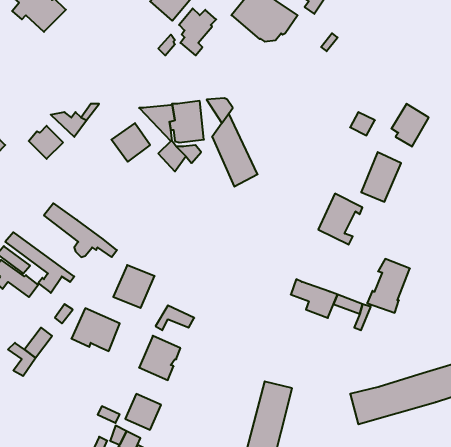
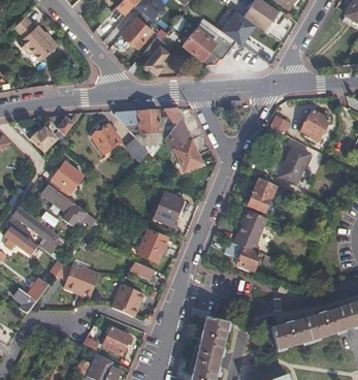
building: none -> [48,163,82,197]
building: none -> [153,192,186,225]
building: [367,259,410,313] -> [234,211,266,251]
building: [113,265,155,308] -> [136,230,167,262]

